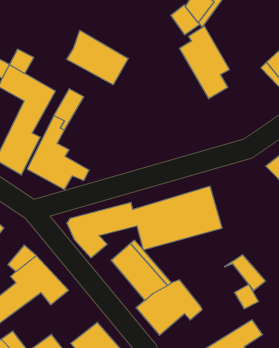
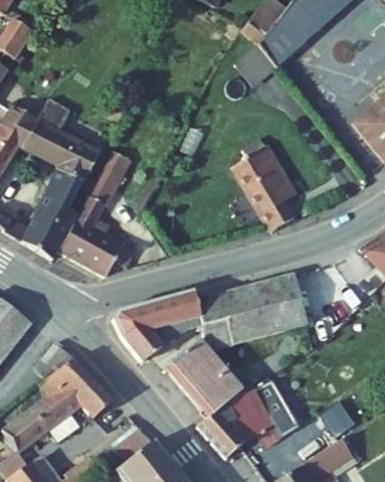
building: [179,26,229,99] -> [229,138,292,228]
building: [67,30,128,85] -> none
building: [224,255,265,290] -> [242,378,294,423]

